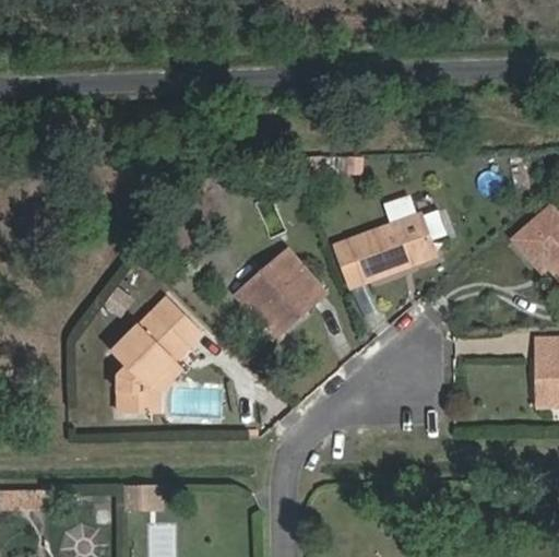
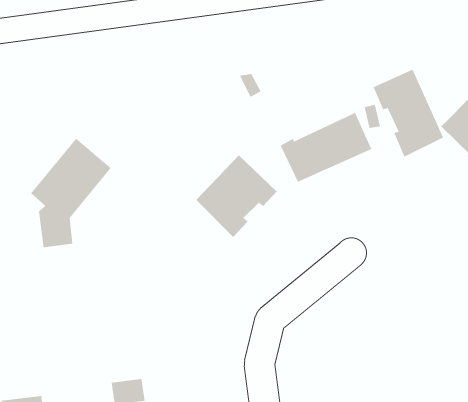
building: none -> [373,69,444,158]
building: [111,297,203,414] -> [30,138,112,248]

